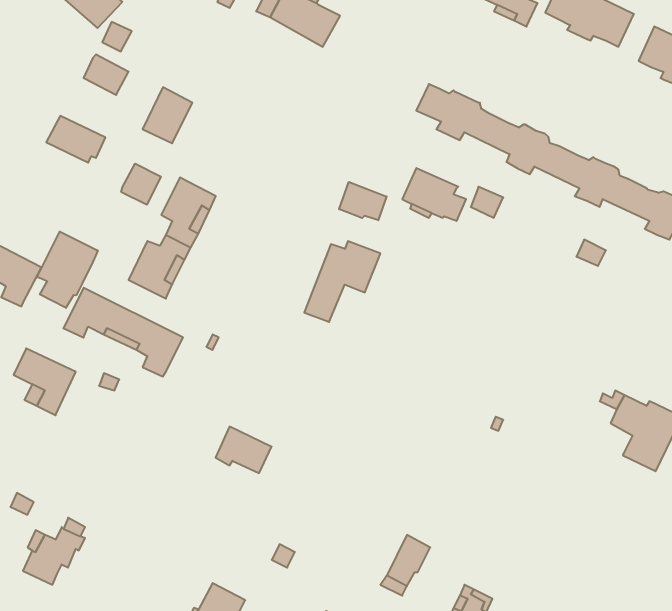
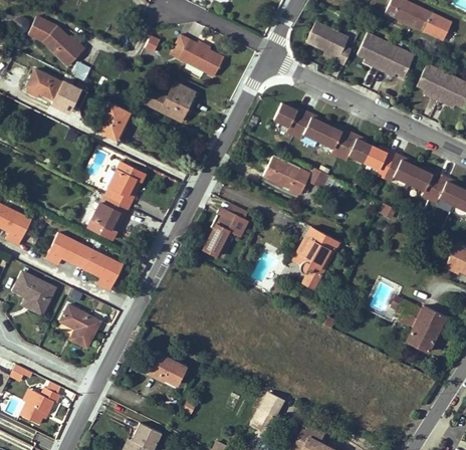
building: none -> [162,83,194,121]
building: [46,116,105,163] -> [26,70,64,100]
building: [121,164,161,205] -> none
building: [339,182,387,220] -> none
building: [37,232,98,308] -> none
building: none -> [293,227,338,289]
building: none -> [59,305,100,348]
building: [216,427,272,473] -> [149,354,185,384]

